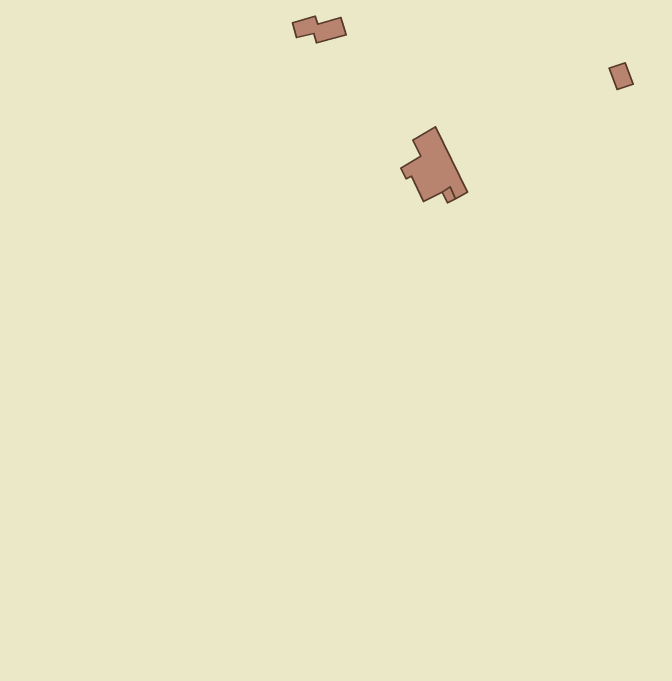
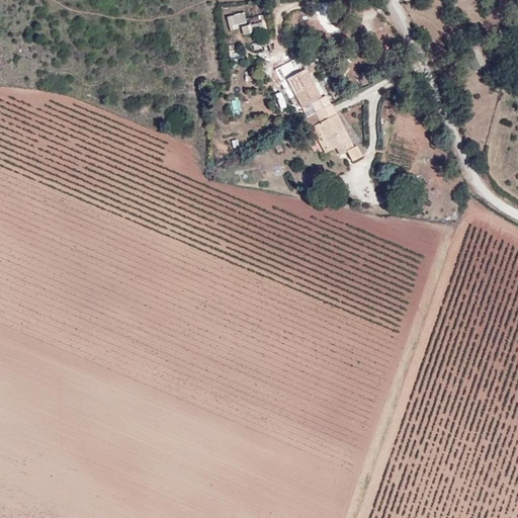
building: none -> [277,66,330,107]

